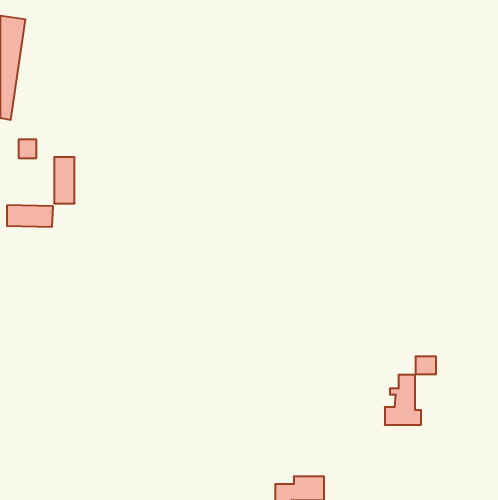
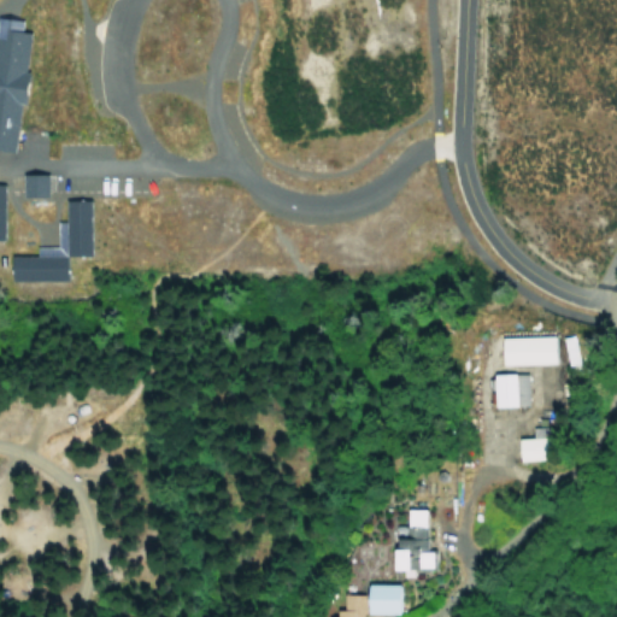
building: none -> [496,337,553,366]
building: none -> [490,376,527,409]
building: [385,375,421,425] -> [388,511,433,572]

